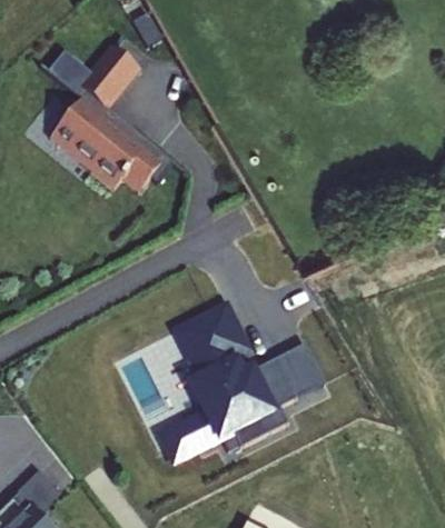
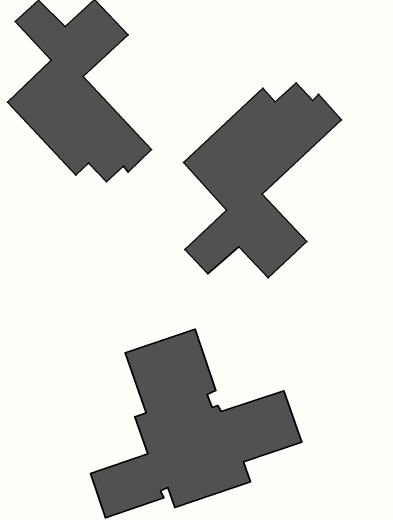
building: none -> [183,83,342,278]

